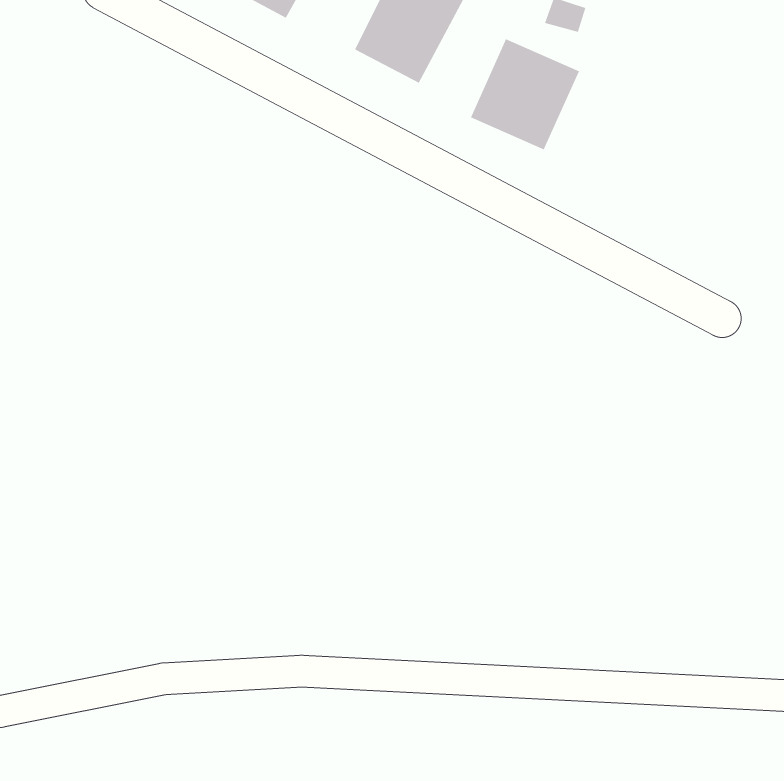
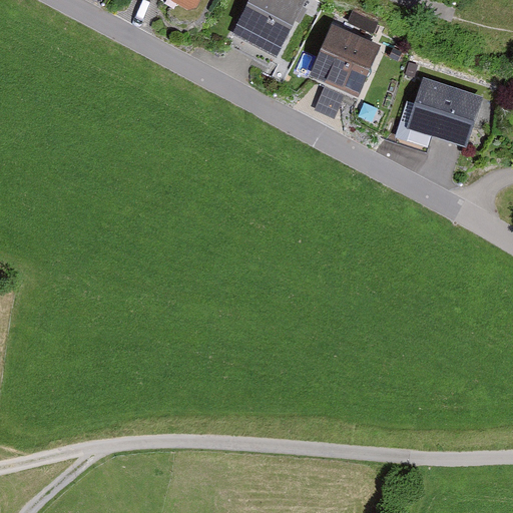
building: none -> [406,75,481,144]

